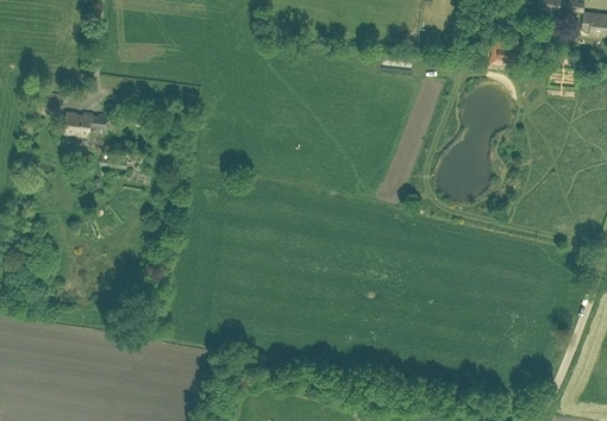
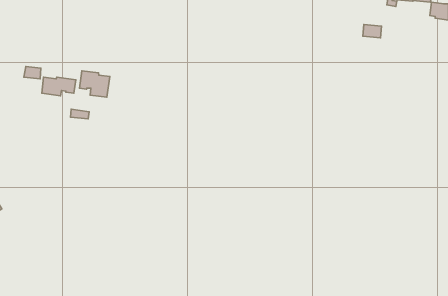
building: none -> [80,71,110,97]

